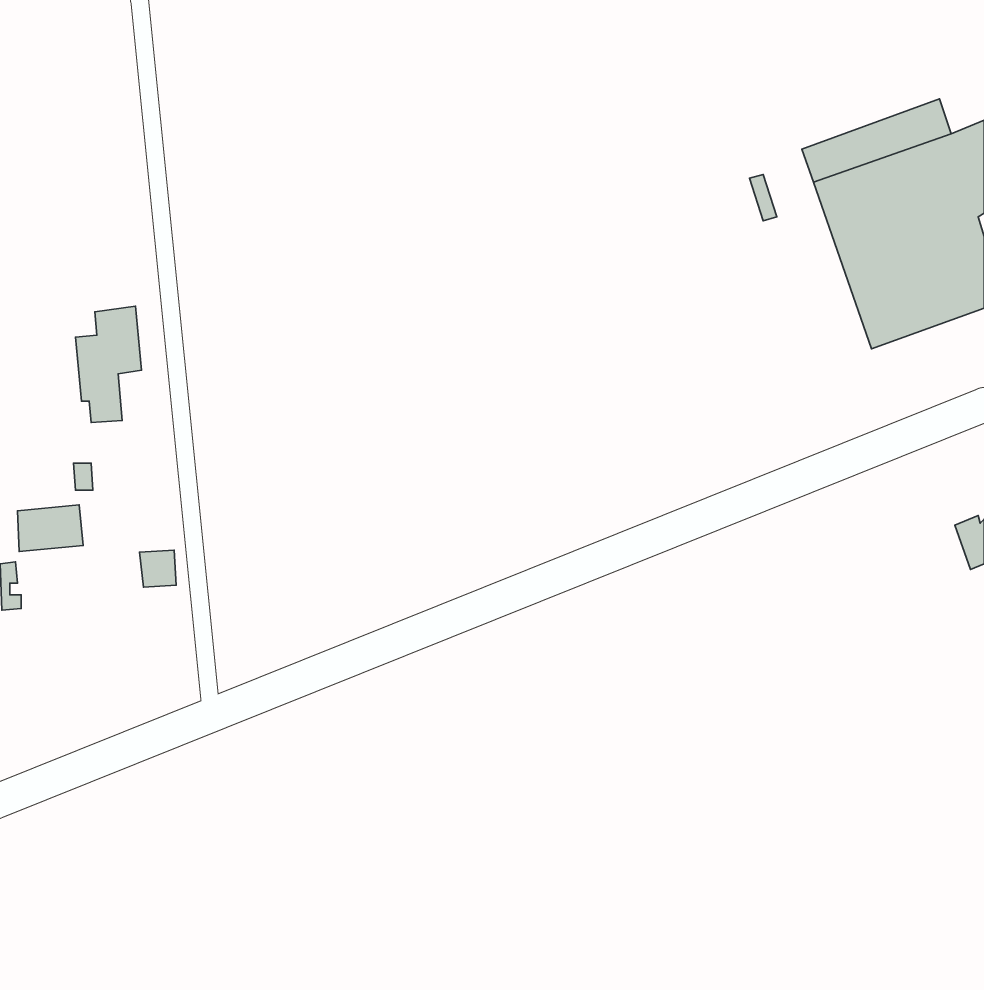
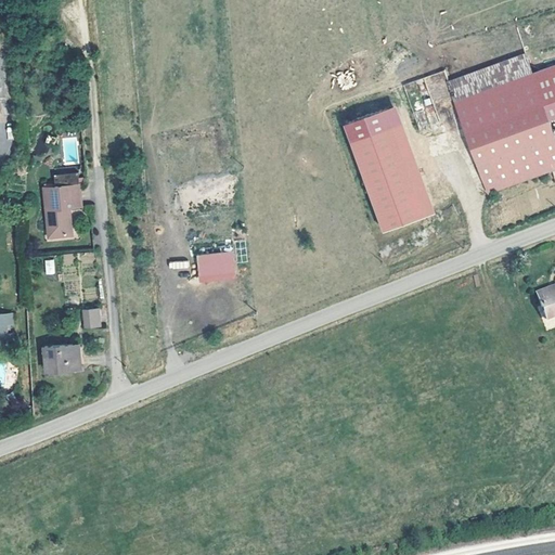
building: none -> [345,108,435,234]
building: none -> [202,255,235,278]
building: [17,505,83,551] -> [44,344,81,370]

